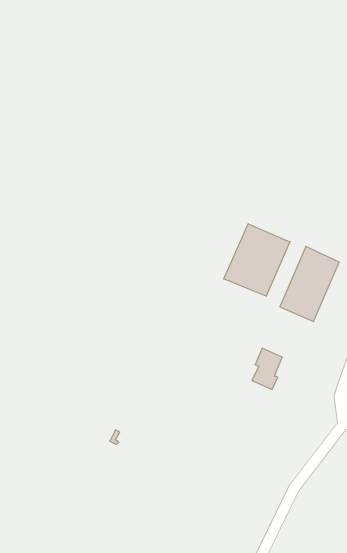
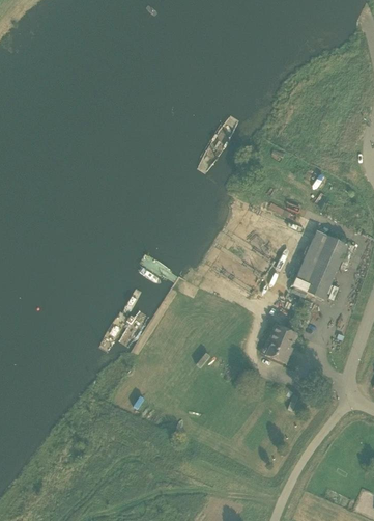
building: [224,224,290,296] -> none

